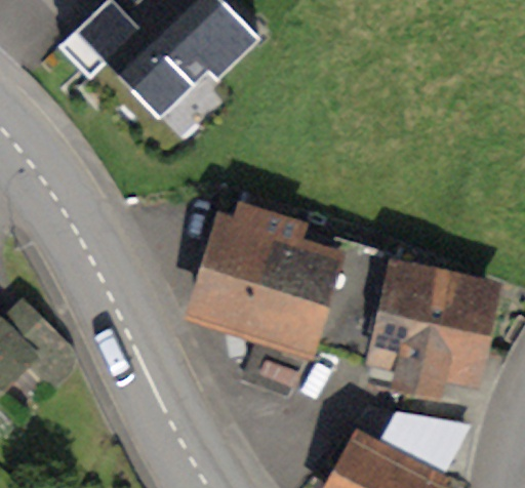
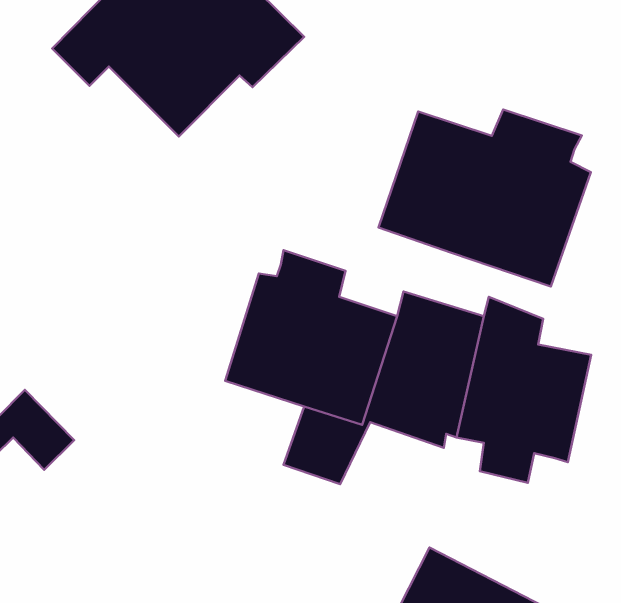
building: none -> [379,109,591,286]
building: [381,412,474,479] -> none

